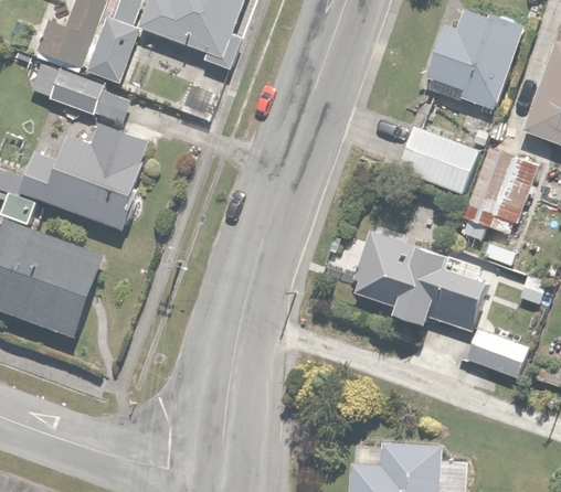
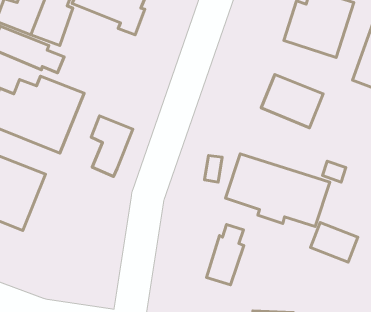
building: [464,145,539,236] -> none
building: none -> [91,116,133,177]
building: none -> [206,224,244,285]

